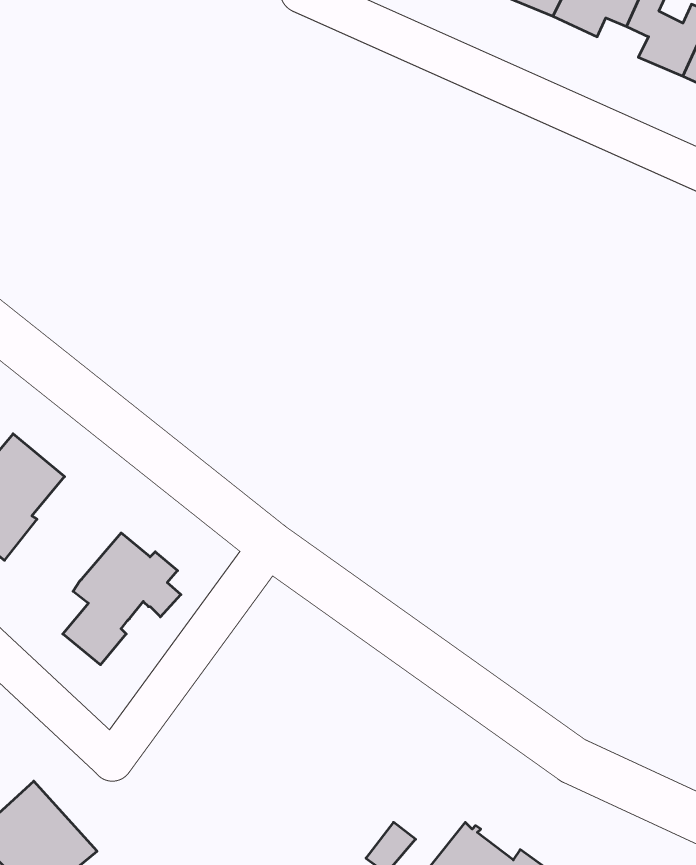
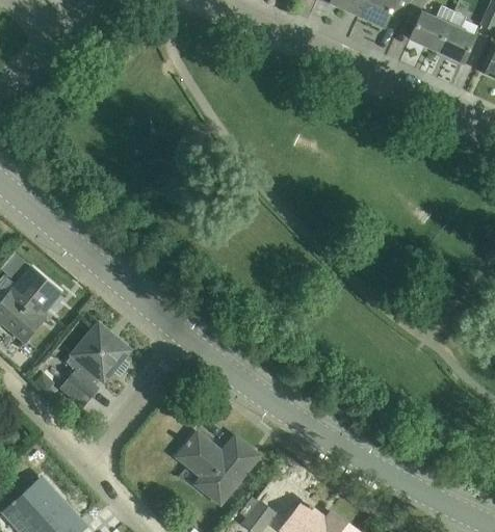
building: none -> [177,433,259,505]

